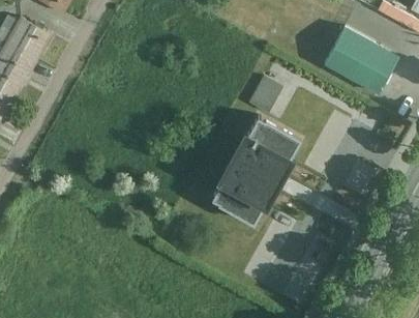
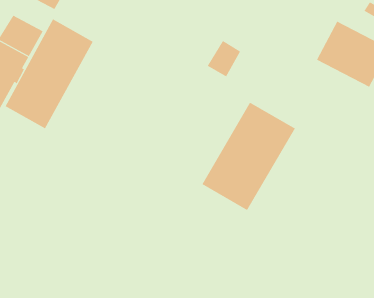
building: none -> [5,19,93,129]
building: [248,71,282,109] -> [207,40,241,77]

